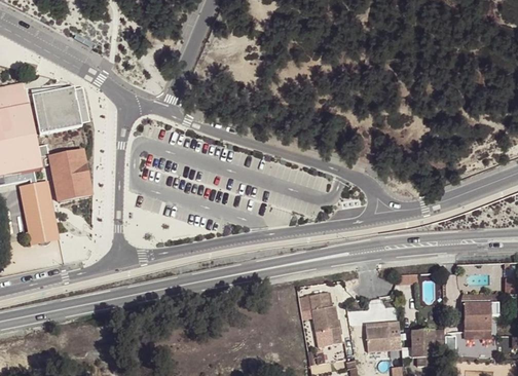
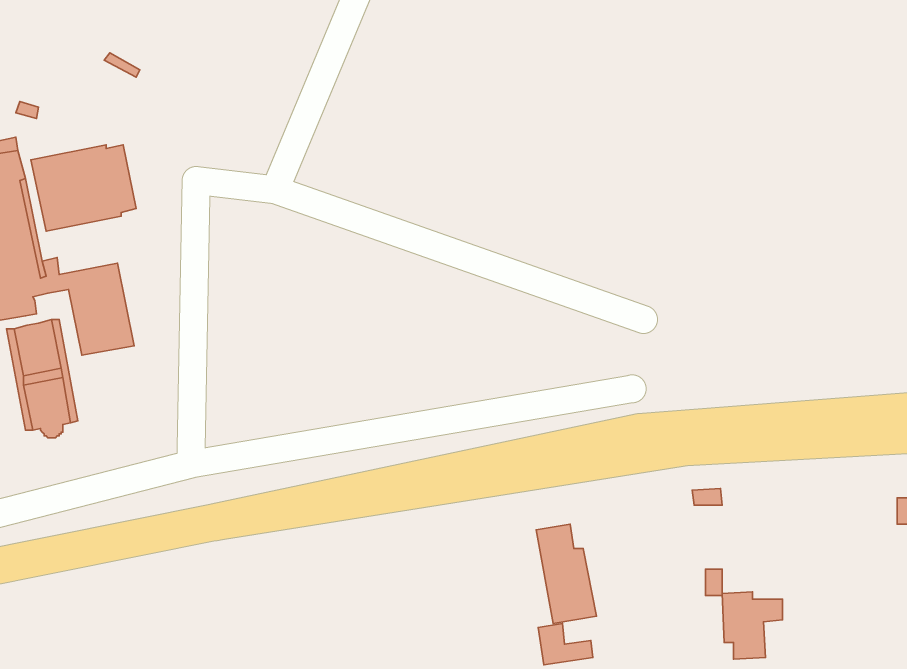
building: [462,303,497,338] -> none
building: [365,321,399,351] -> none

